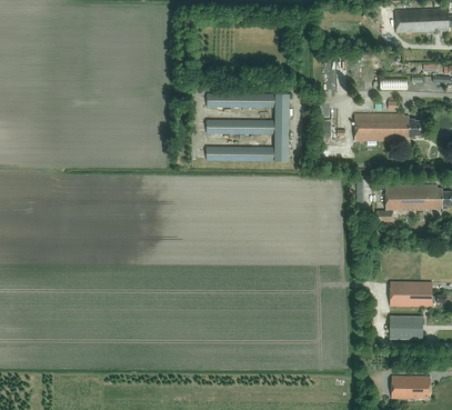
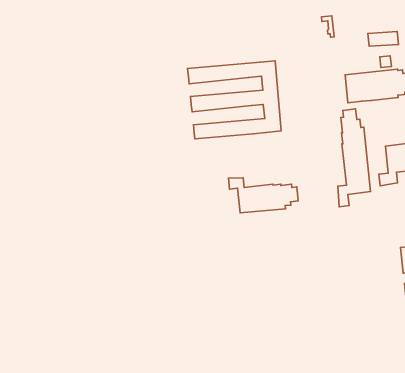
building: none -> [338,109,370,207]
building: none -> [228,178,298,213]

